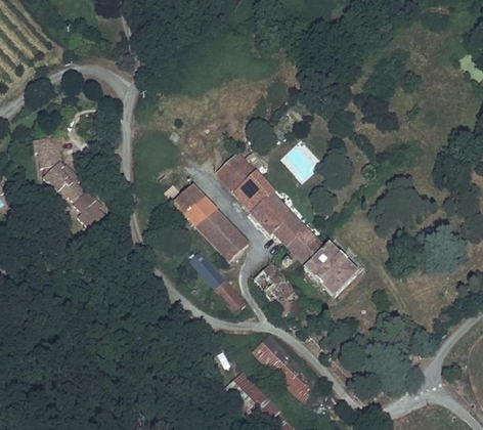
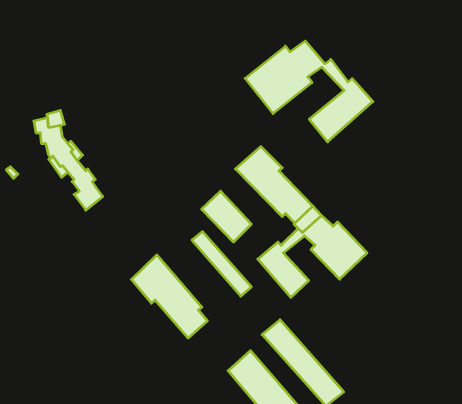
building: none -> [245,41,373,142]
building: [215,150,256,190] -> none
building: [173,184,217,229] -> none
building: none -> [131,255,207,338]

